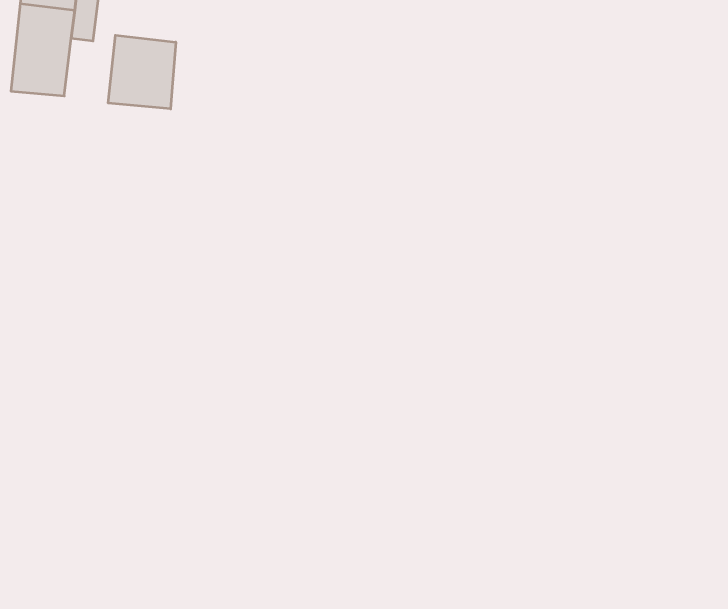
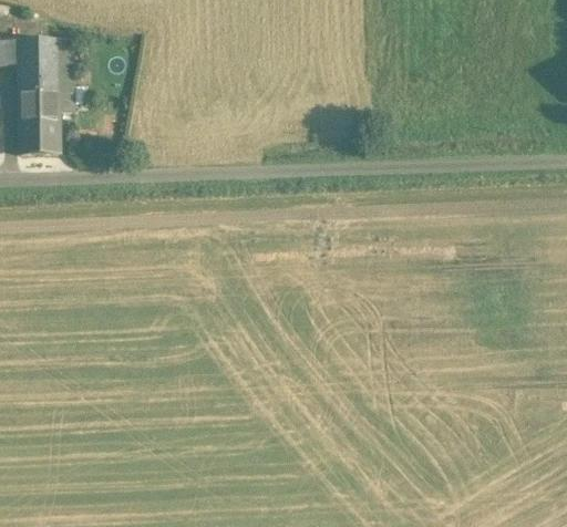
building: [108,35,176,109] -> none

